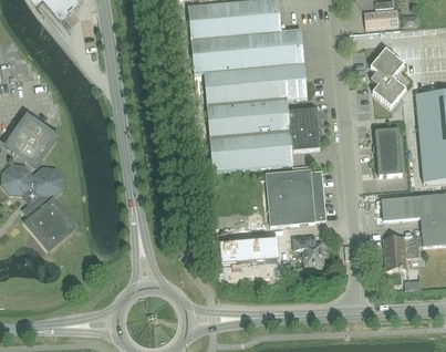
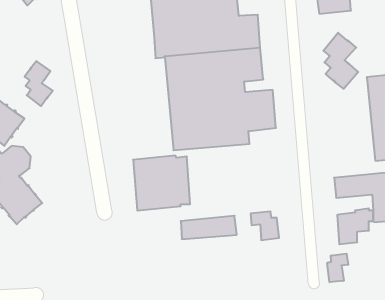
building: none -> [25,61,53,106]
building: [374,128,401,176] -> none
building: [265,168,324,226] -> [133,156,190,211]
building: none -> [327,254,348,282]

